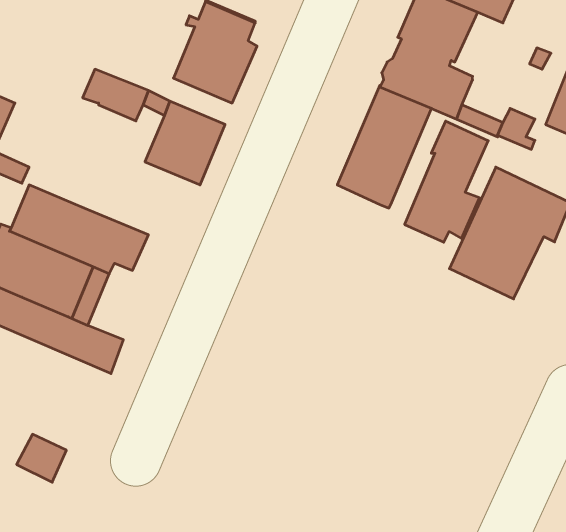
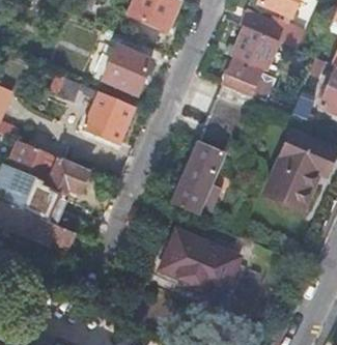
building: [405,121,488,242] -> [174,142,223,212]
building: none -> [160,231,237,296]

